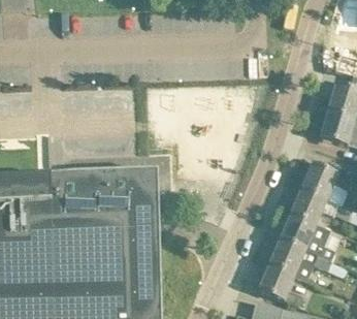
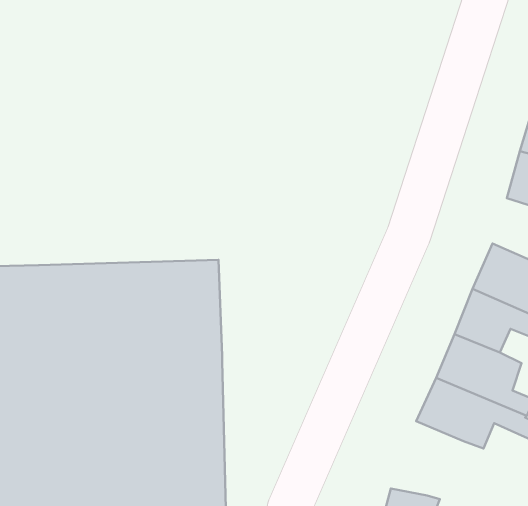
building: [259,262,302,305] -> none

